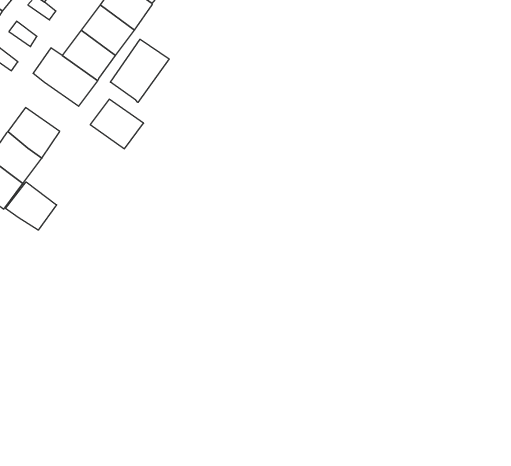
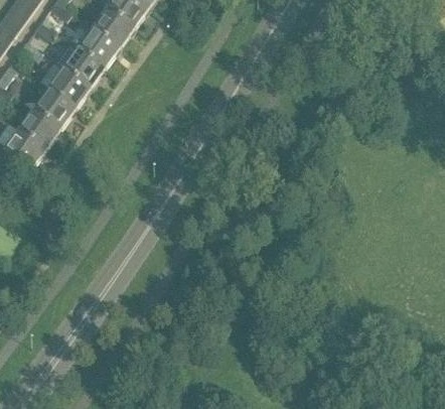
building: [110,39,169,102] -> none
building: [90,99,144,149] -> [47,69,90,108]
building: [6,182,57,230] -> none

